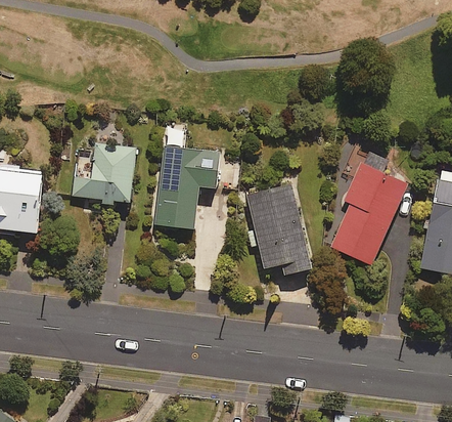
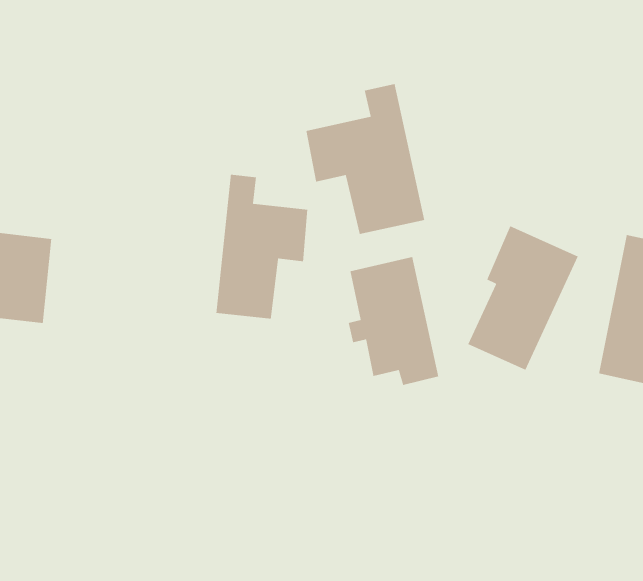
building: none -> [305,83,425,235]
building: [74,141,136,207] -> none

